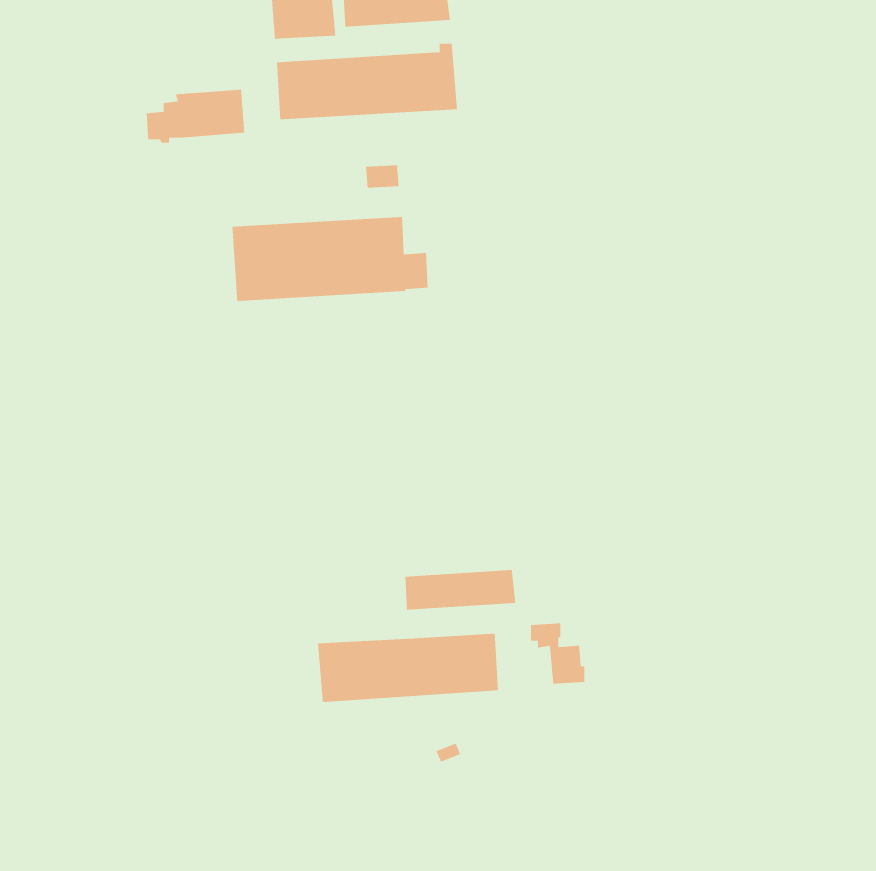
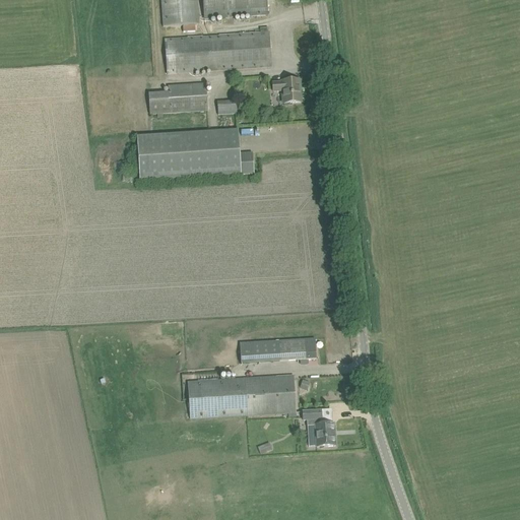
building: [146,89,245,144] -> [148,81,207,114]
building: none -> [273,78,301,102]
building: [530,623,585,684] -> [303,408,335,445]

